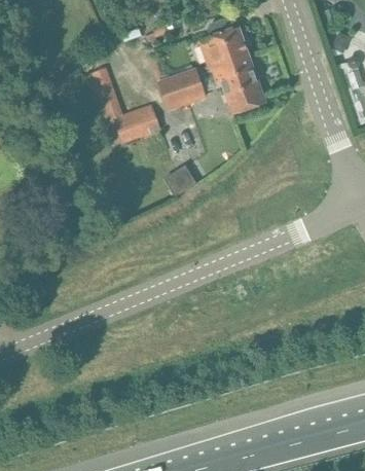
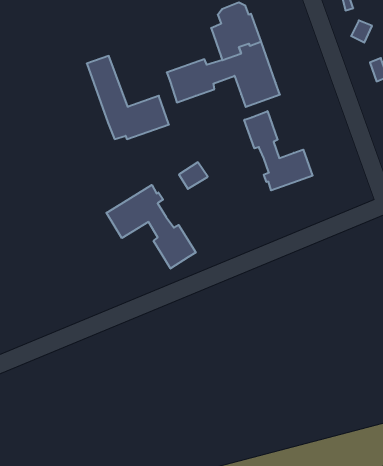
building: none -> [244,111,313,190]
building: none -> [106,185,196,269]

